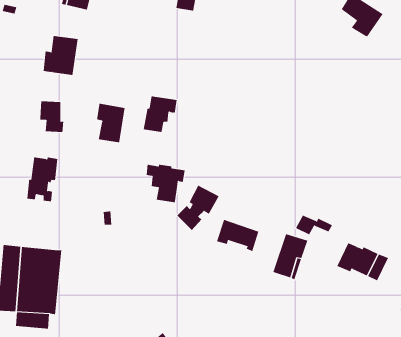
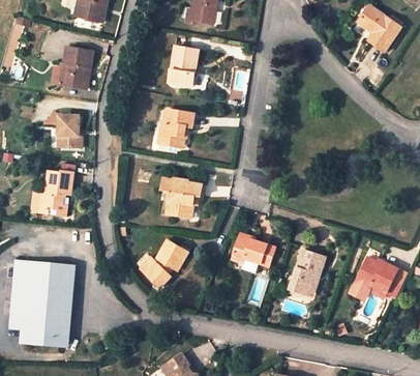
building: none -> [168,46,196,86]
building: [96,103,125,143] -> none
building: [177,185,219,231] -> [144,240,187,287]
building: [295,215,333,235] -> [347,282,385,302]

